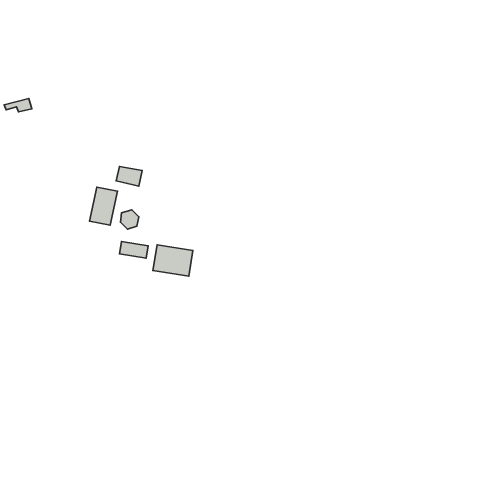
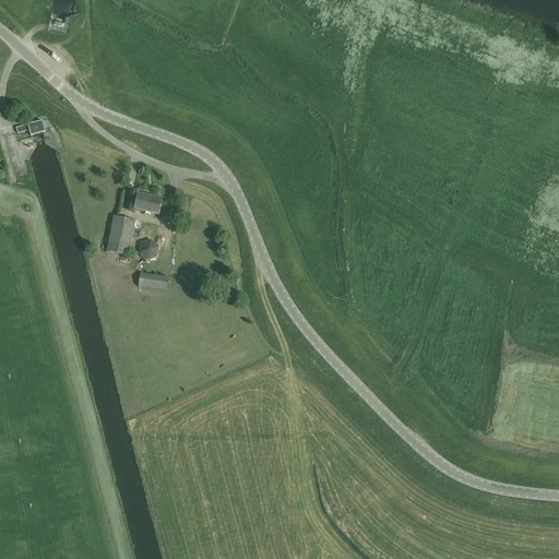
building: [153,245,193,276] -> none

